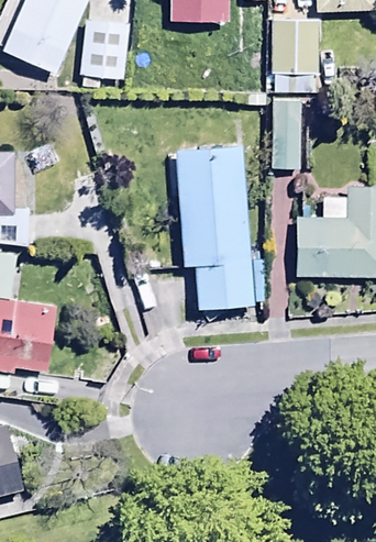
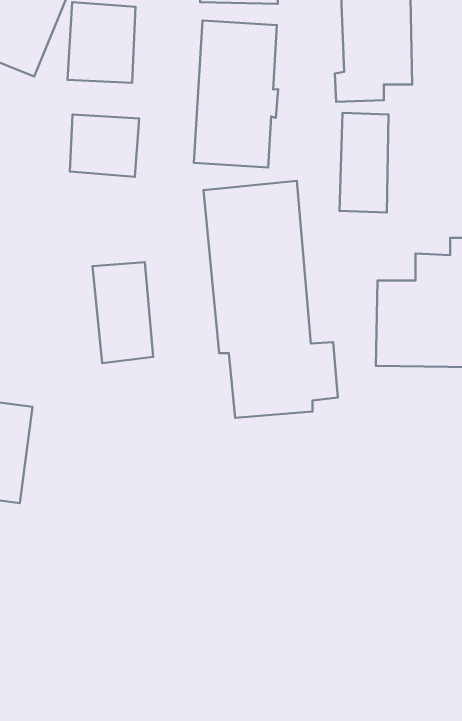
building: none -> [194,21,278,167]
building: none -> [70,114,139,177]
building: none -> [92,262,153,363]

